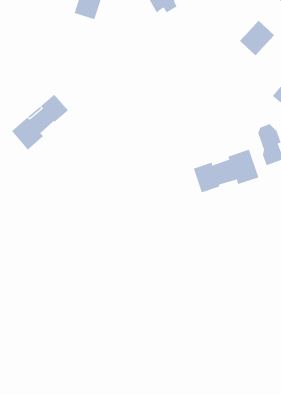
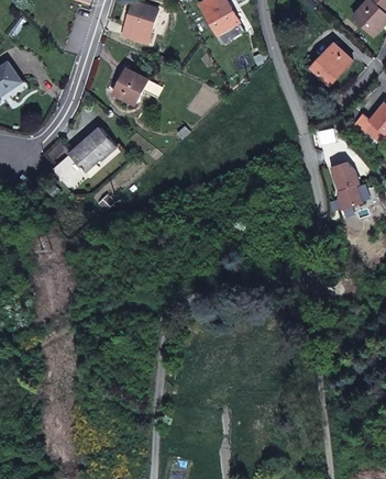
building: none -> [112,67,146,103]
building: [193,149,259,193] -> none

